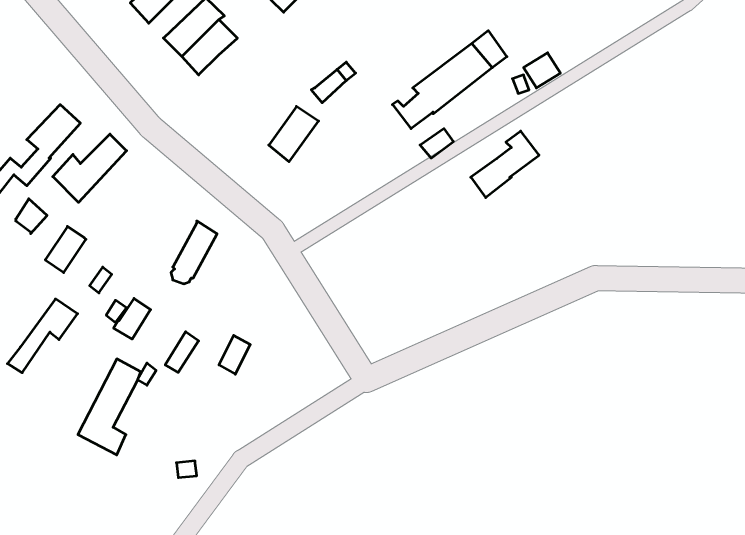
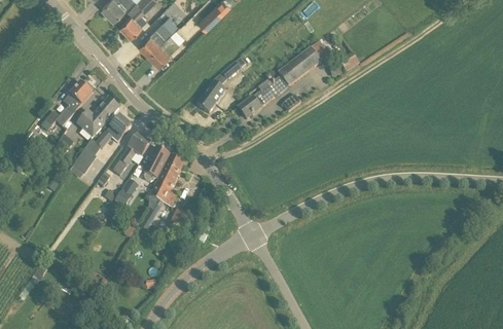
building: [471,131,539,198] -> [238,83,276,120]
building: none -> [95,117,131,150]
building: [7,299,78,373] -> [111,136,150,177]
building: [78,359,141,455] -> [148,155,183,209]

